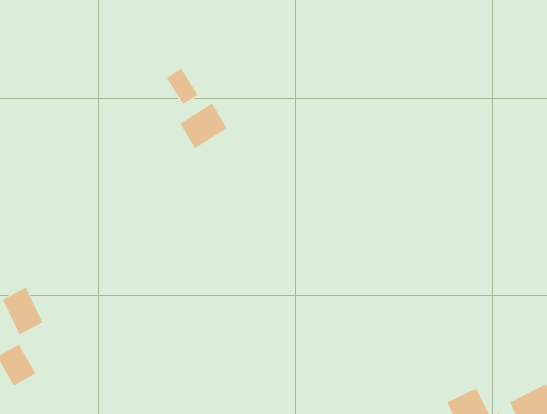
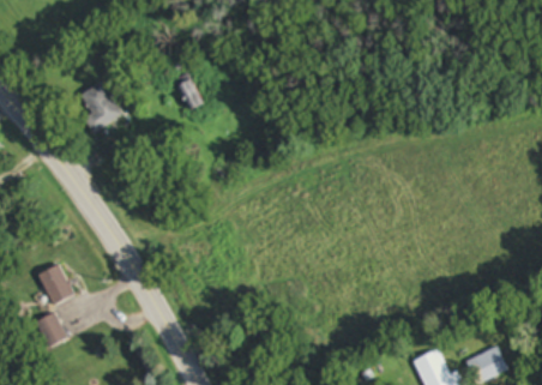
building: none -> [80,80,121,132]
building: [180,103,228,149] -> none

